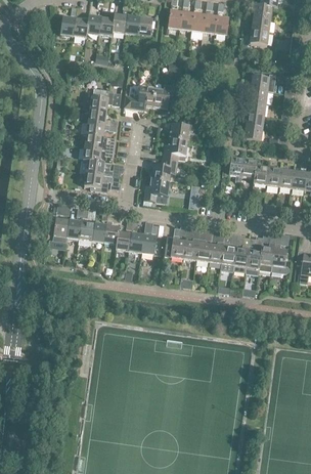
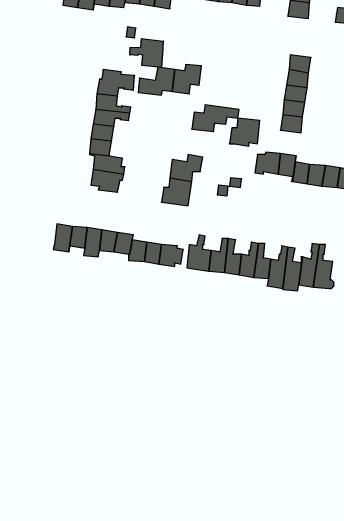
building: none -> [130,39,163,67]
building: [162,137,187,161] -> [229,118,260,146]

